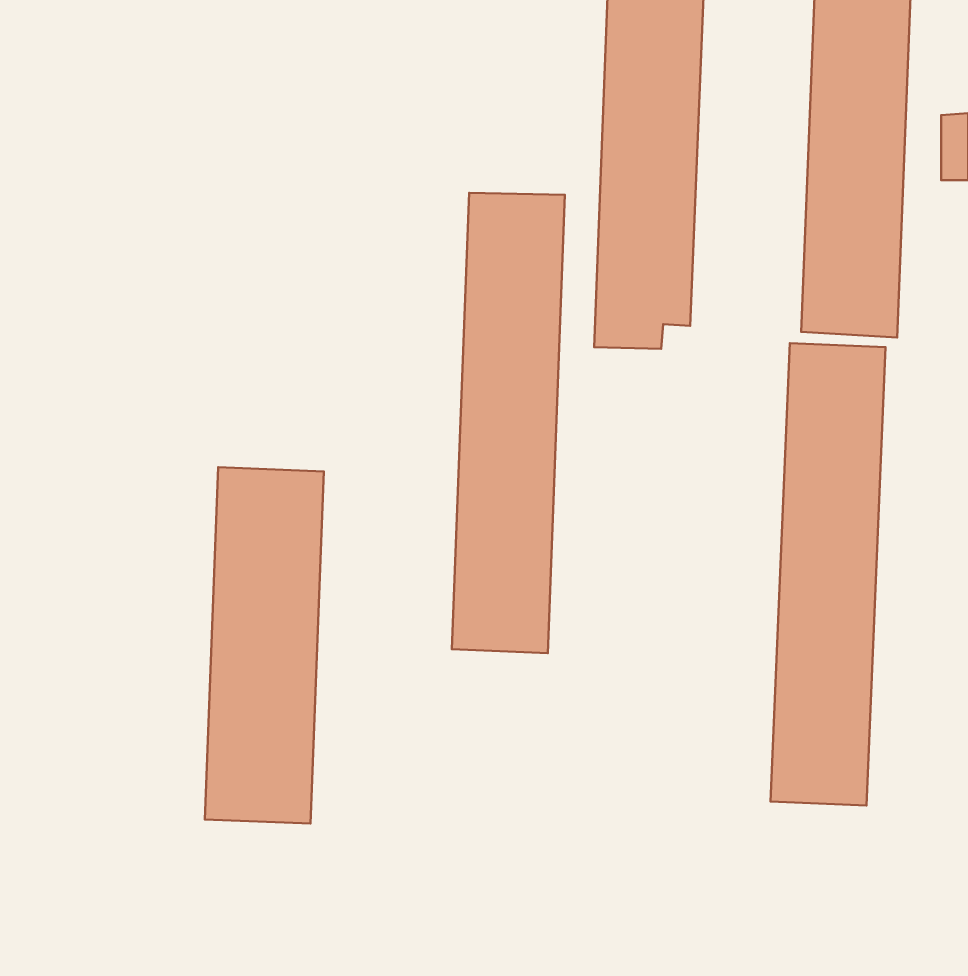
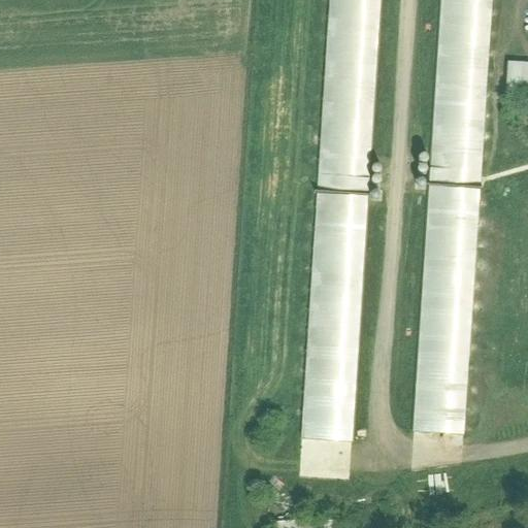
building: [452,193,565,653] -> [303,192,364,439]
building: [205,467,324,824] -> none

